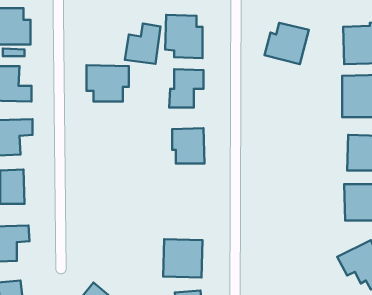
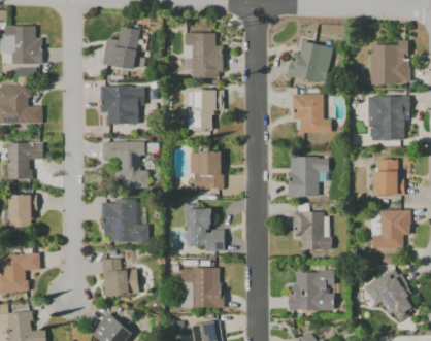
building: [125,24,160,64] -> [102,27,139,69]
building: none -> [292,94,331,133]
building: none -> [102,141,147,187]
building: none -> [289,157,329,197]
building: none -> [101,199,147,242]
building: none -> [186,209,224,250]
building: none -> [293,212,331,250]
building: none -> [104,259,138,296]
building: none -> [288,271,335,311]

